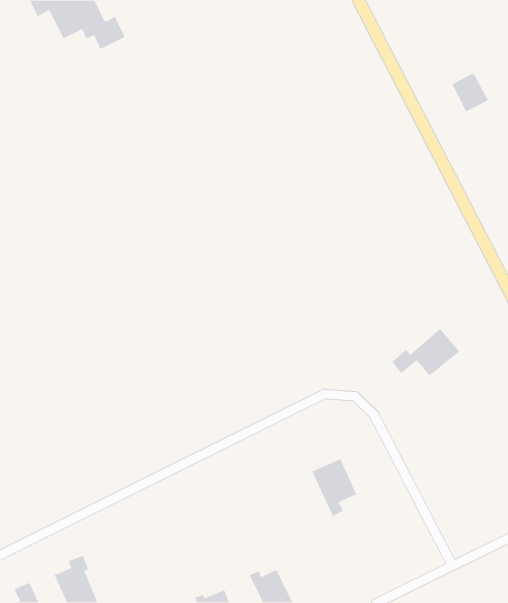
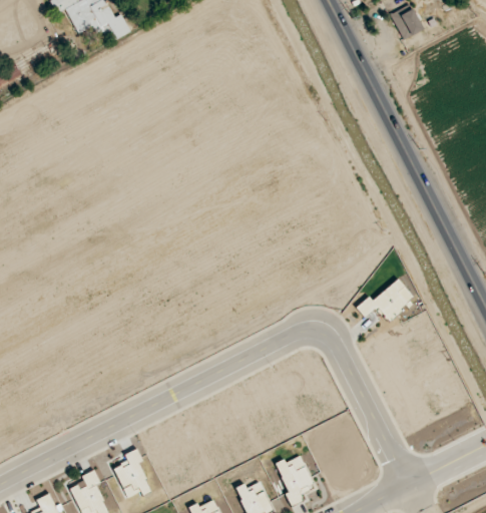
building: [451,72,489,112] -> [392,6,424,40]
building: [311,458,357,517] -> [276,455,315,505]
building: none -> [114,449,151,499]

